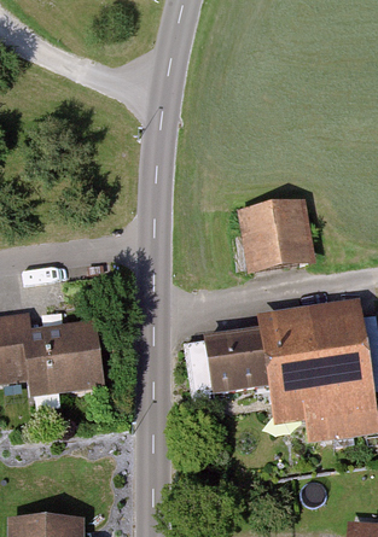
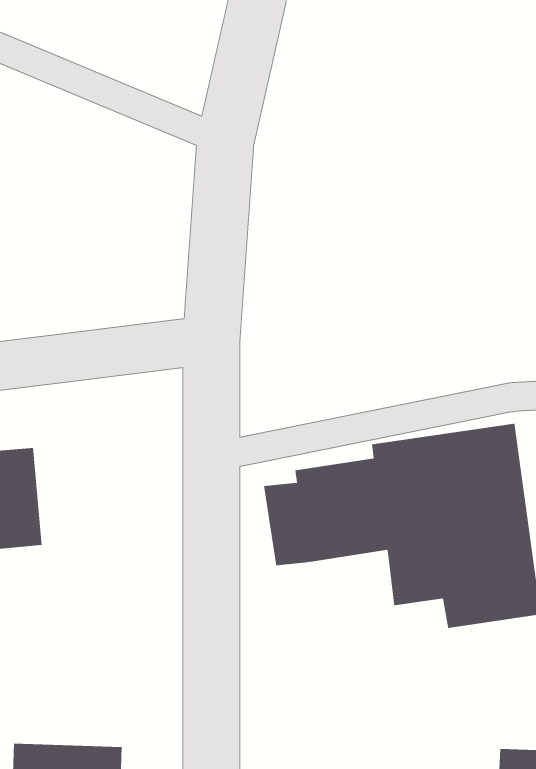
building: [235,199,315,278] -> none
building: [30,322,107,397] -> none

